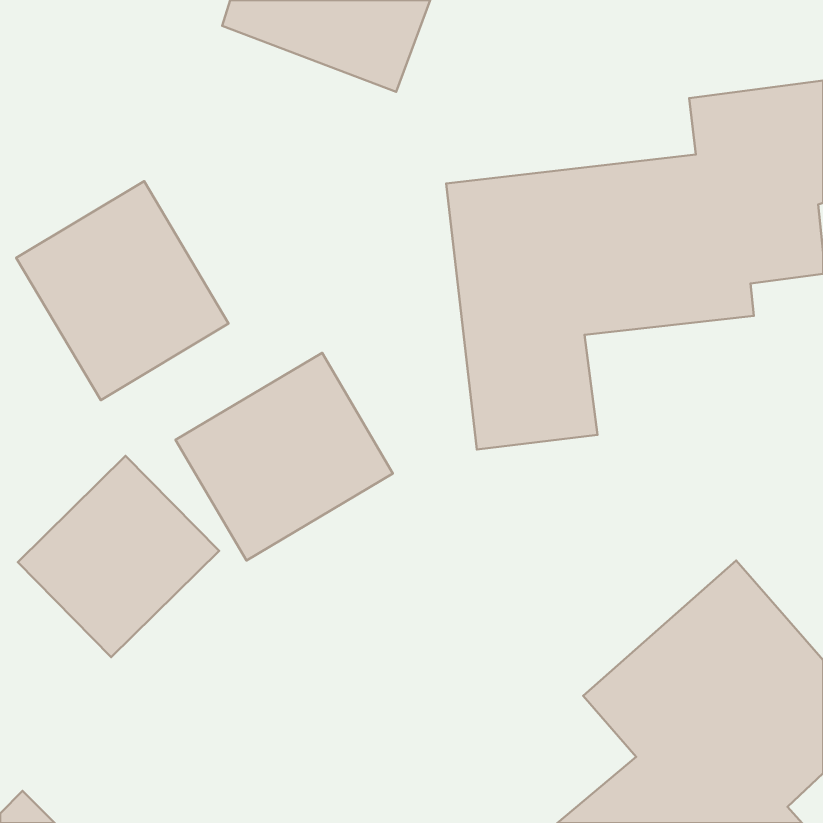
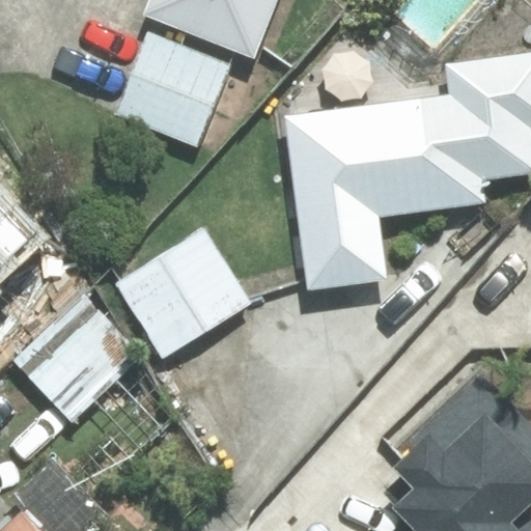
building: none -> [113,32,246,152]
building: [16,181,229,400] -> none

